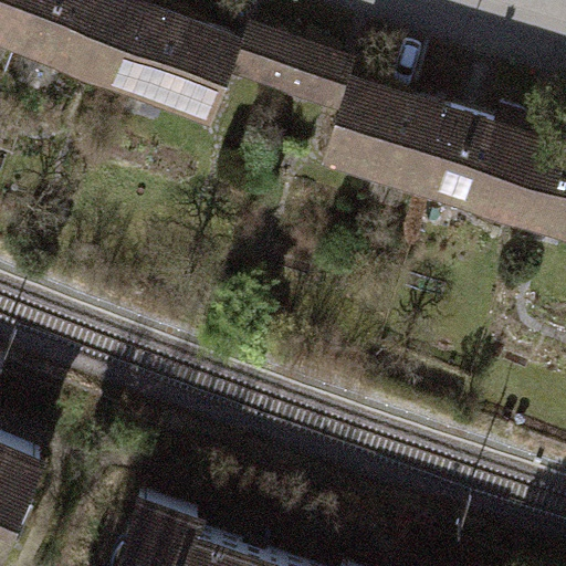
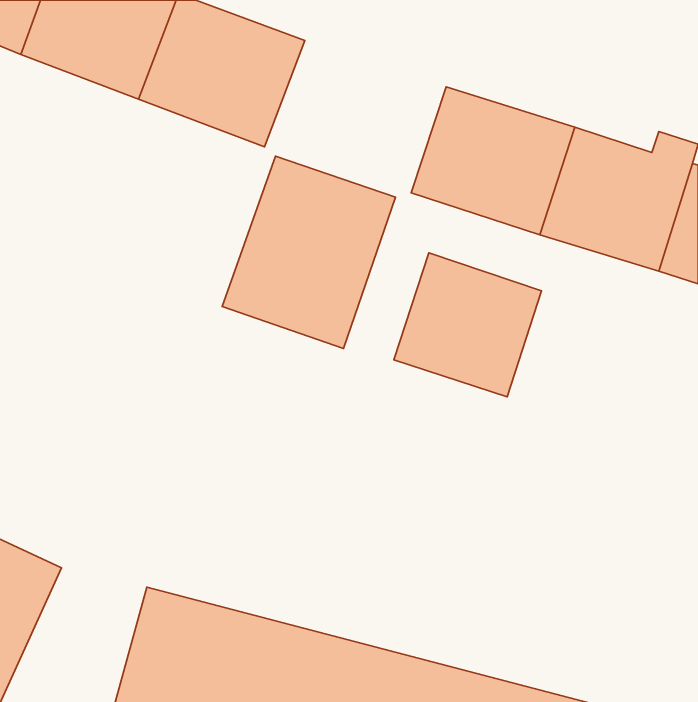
building: [235,30,353,116] -> none
building: none -> [222,156,396,349]
building: none -> [394,253,542,397]

